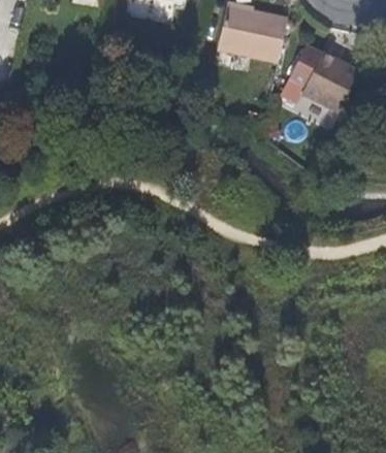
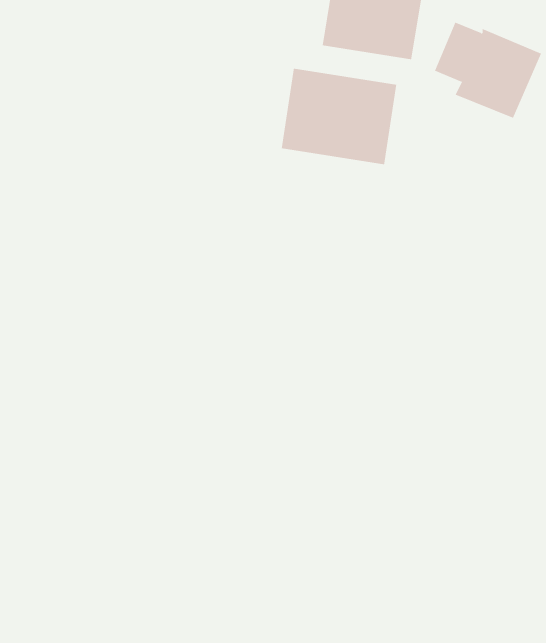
building: none -> [281,68,397,165]

